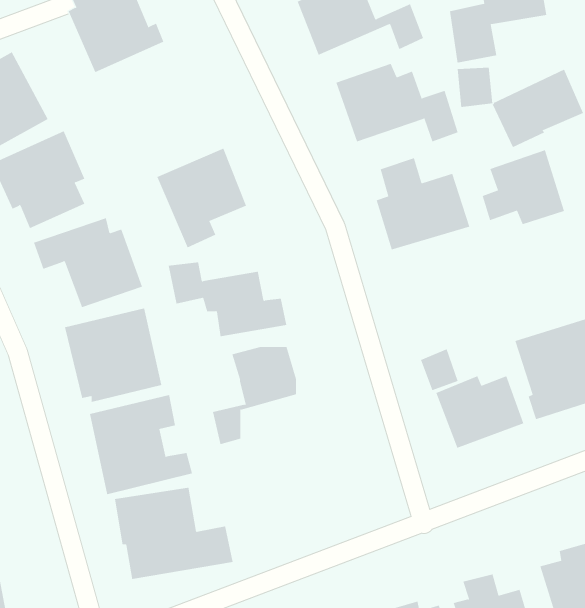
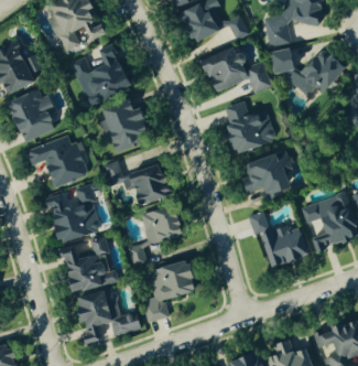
building: none -> [74,47,132,103]
building: [482,150,565,225] -> [240,153,288,196]
building: none -> [143,262,194,322]

